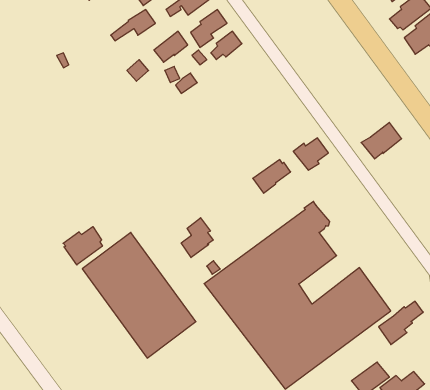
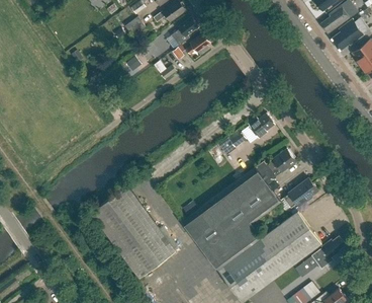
building: [361,122,402,159] -> [266,149,296,176]
building: [181,218,213,258] -> none
building: none -> [284,178,318,208]
building: [63,227,102,265] -> none

